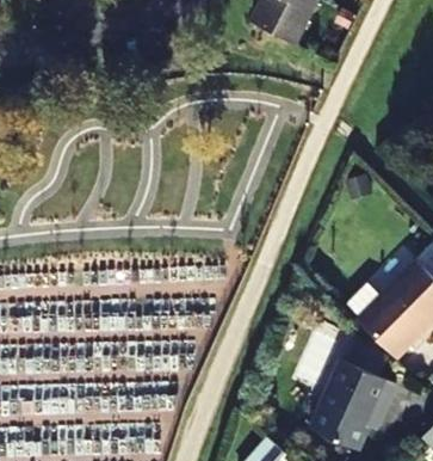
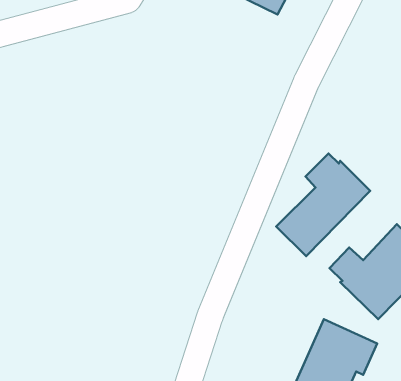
building: none -> [276,153,370,256]

